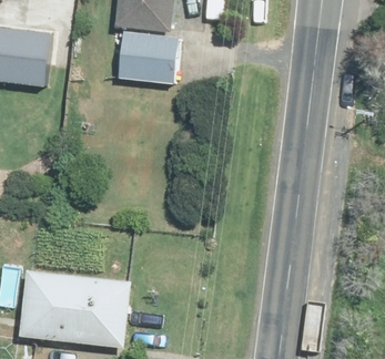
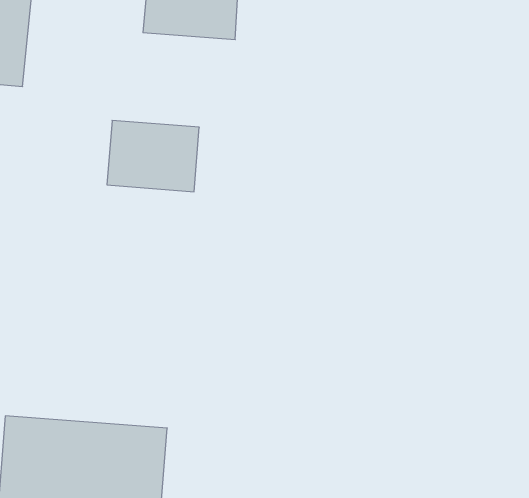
building: [118,33,176,79] -> [107,120,199,192]

